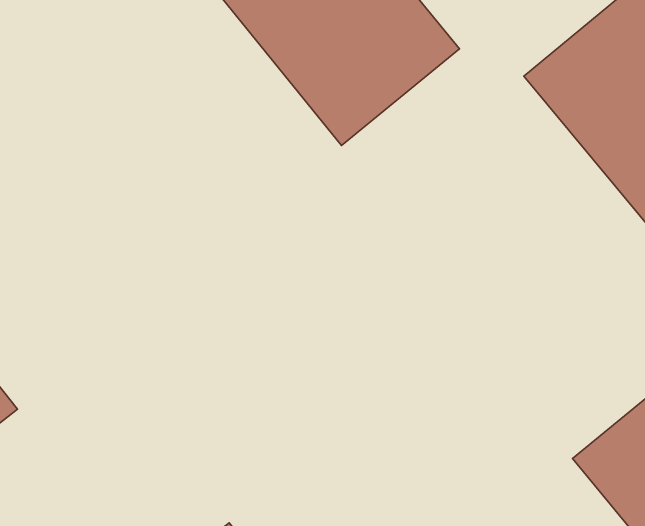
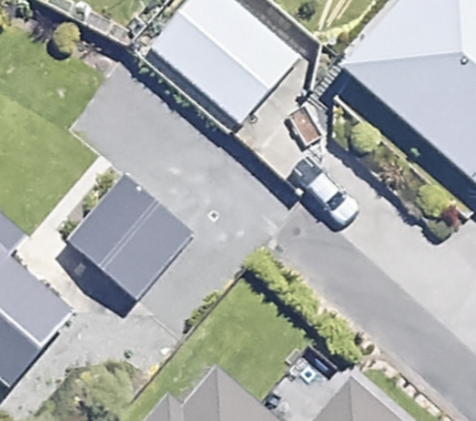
building: none -> [60,169,193,299]

